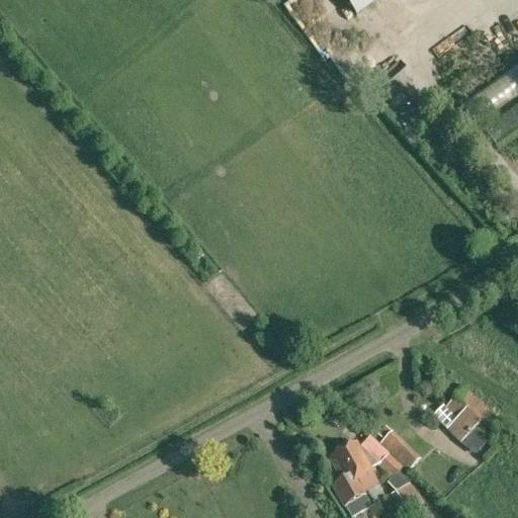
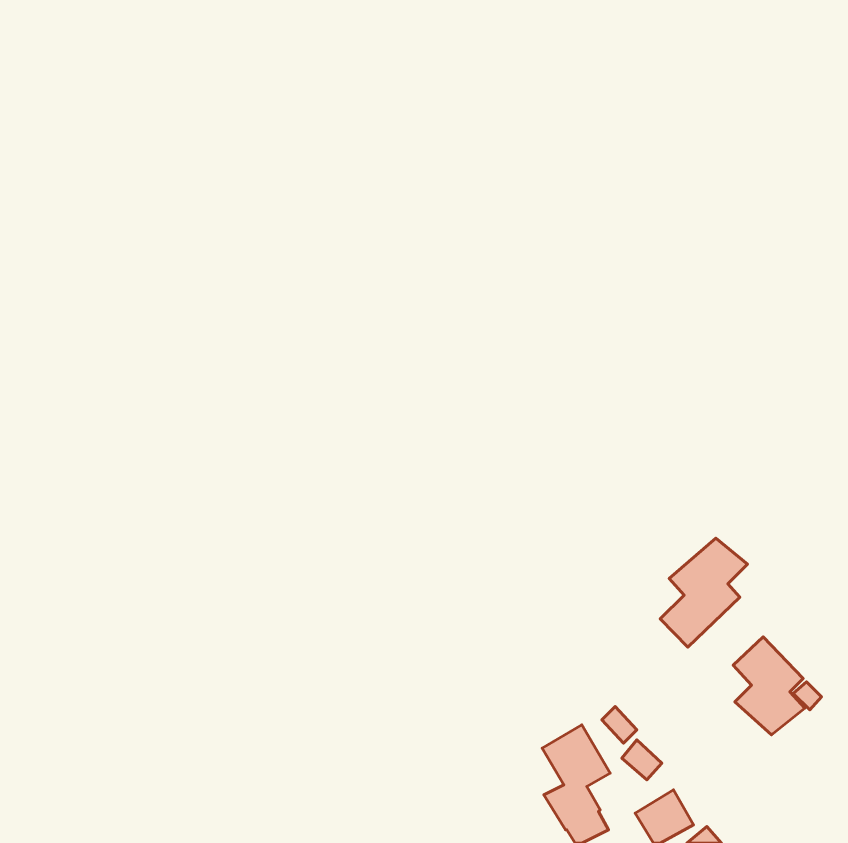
building: none -> [660,538,747,647]

